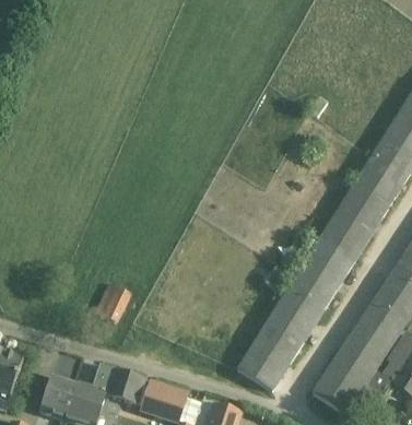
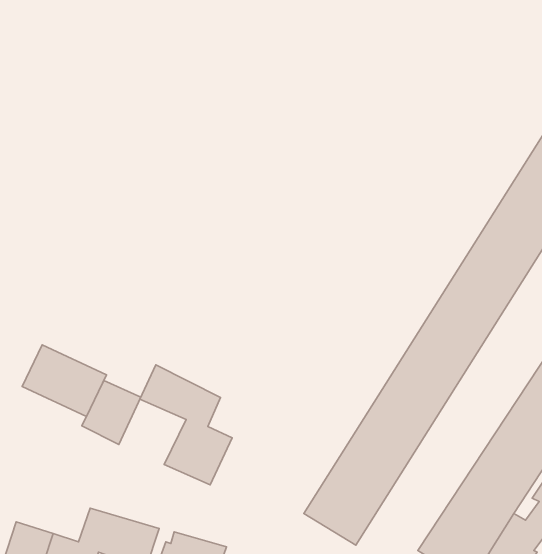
building: none -> [22,345,106,416]
building: none -> [140,365,232,485]

